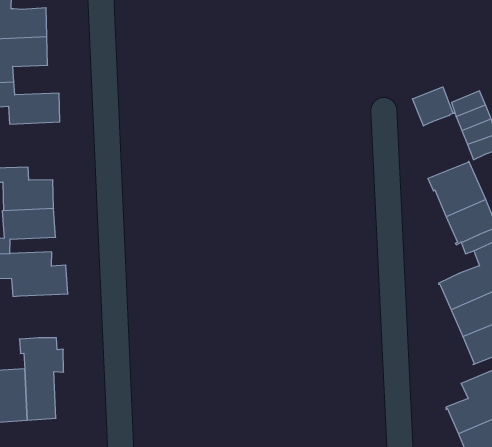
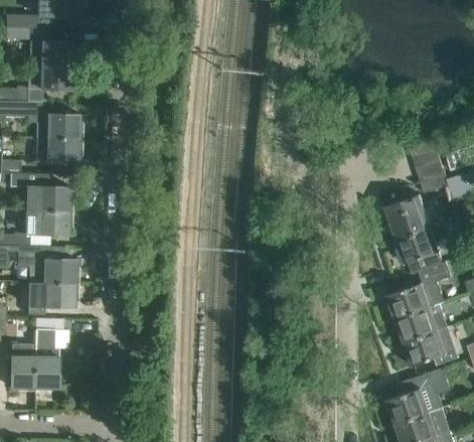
building: [412,87,455,126] -> none
building: none -> [35,138,78,163]
building: none -> [34,283,75,317]

